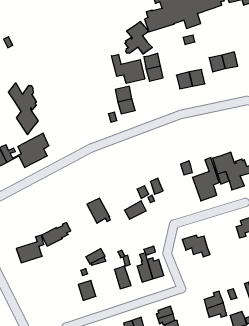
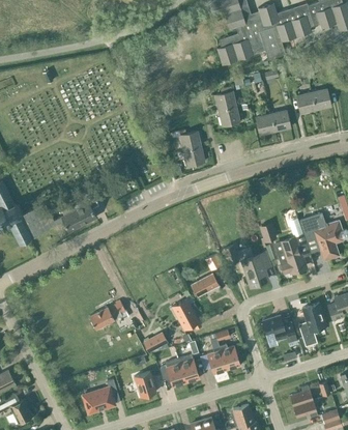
building: [125,21,152,54] -> none
building: [111,54,145,83] -> none
building: [8,83,38,135] -> none
building: none -> [241,255,268,284]
building: [87,198,110,223] -> [171,299,200,331]
building: none -> [297,304,326,346]
building: [16,235,44,263] -> [82,379,116,413]
building: none -> [160,359,185,386]

